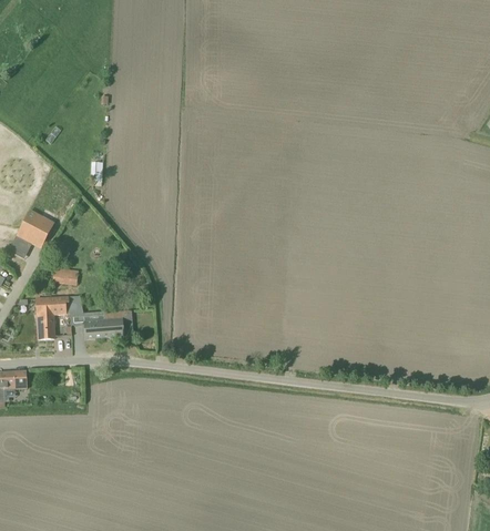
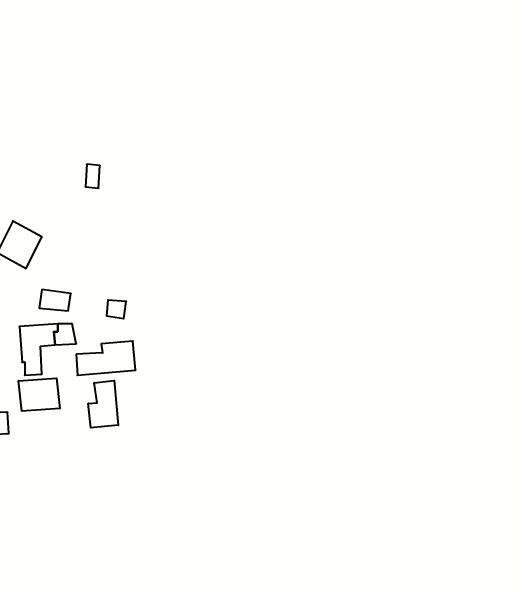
building: none -> [19,378,60,411]
building: none -> [88,381,118,428]

